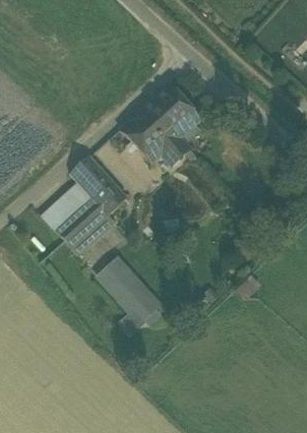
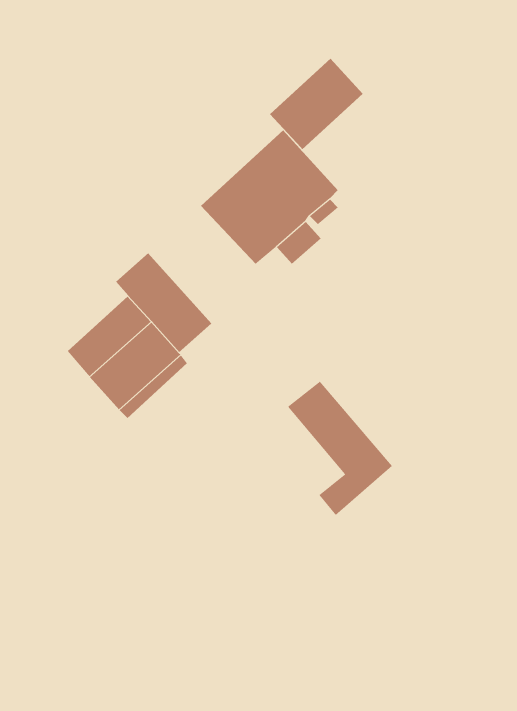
building: none -> [269,58,363,150]
building: [100,255,162,334] -> [287,381,393,516]

